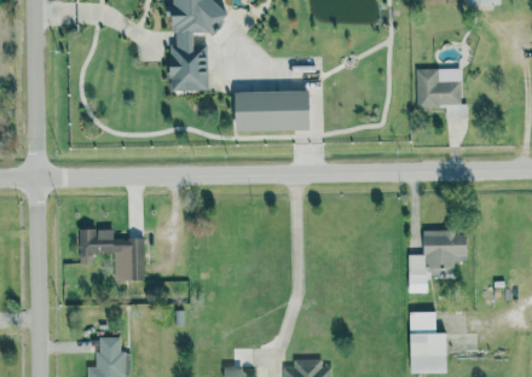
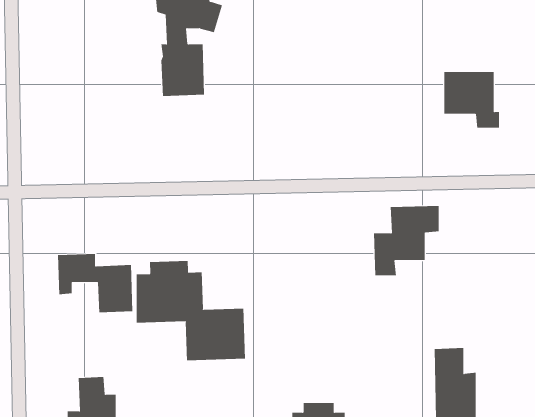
building: [233,91,308,130] -> none
building: [407,231,466,292] -> [373,205,439,276]
building: none -> [136,260,246,361]

